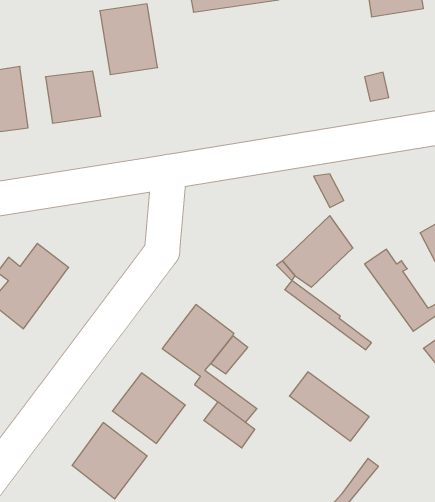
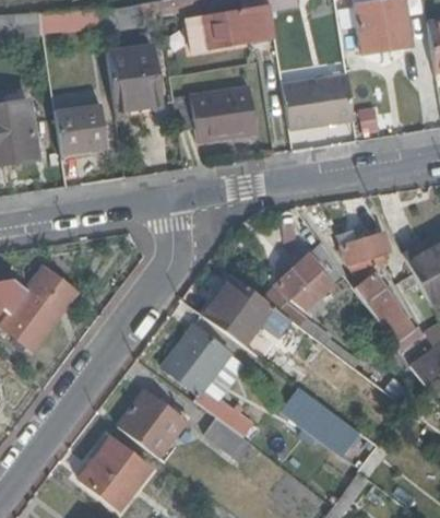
building: none -> [282,75,354,129]
building: none -> [174,85,257,141]
building: none -> [341,232,390,271]
building: none -> [202,276,273,345]

